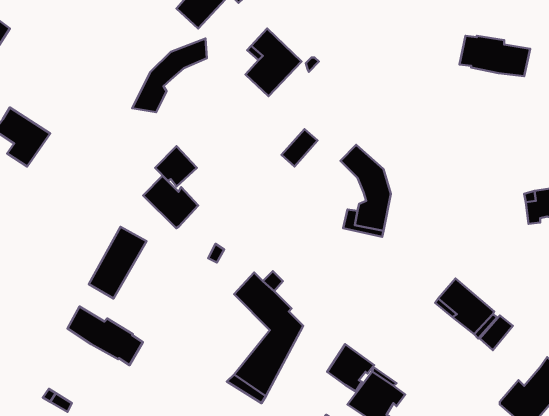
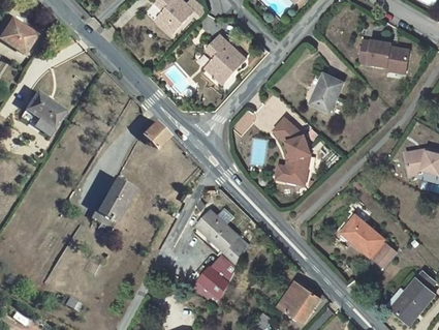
building: [132,39,207,112] -> none
building: none -> [310,72,342,111]
building: [143,176,198,228] -> none
building: [67,306,143,365] -> none
building: [327,344,374,392] -> none

